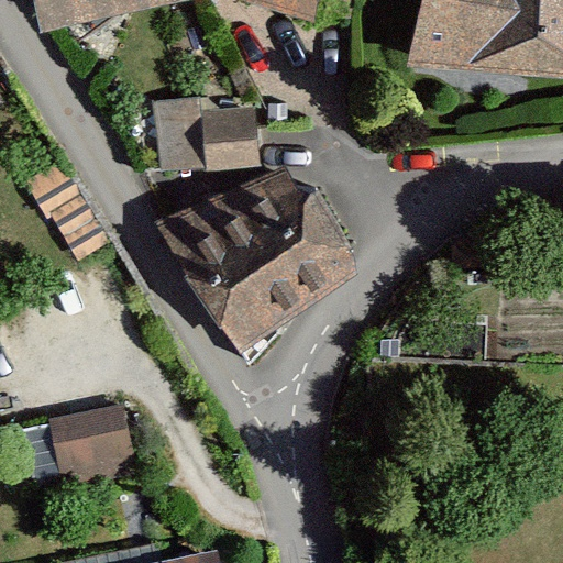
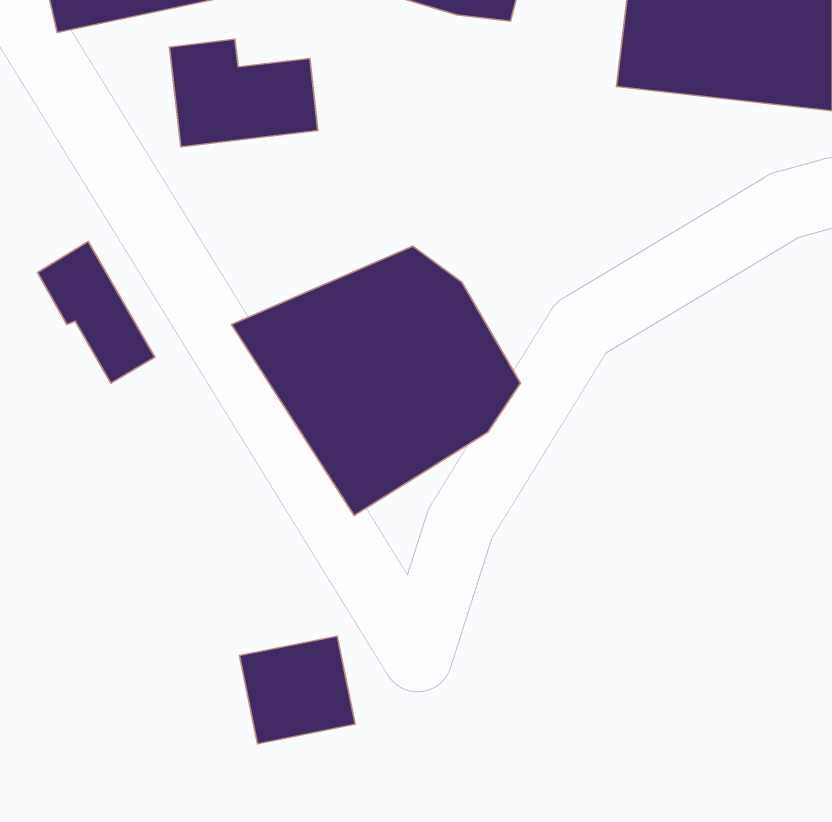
building: [155,97,255,169] -> [170,39,318,147]
building: [49,411,128,484] -> [239,636,355,744]

